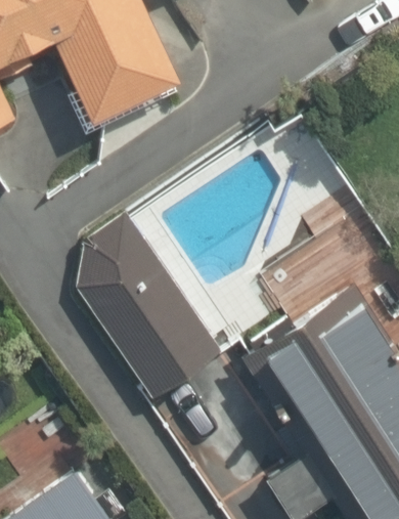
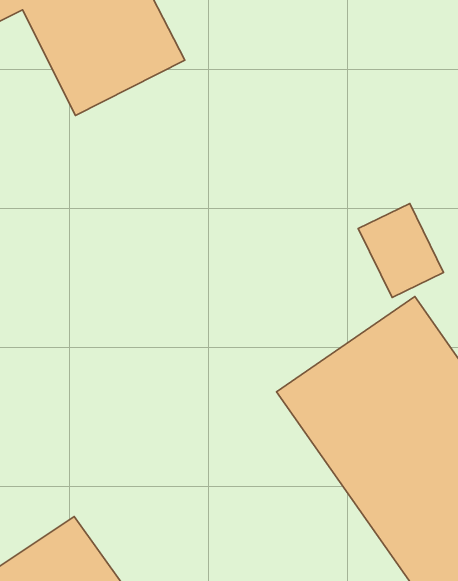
building: [77,211,224,398] -> none

